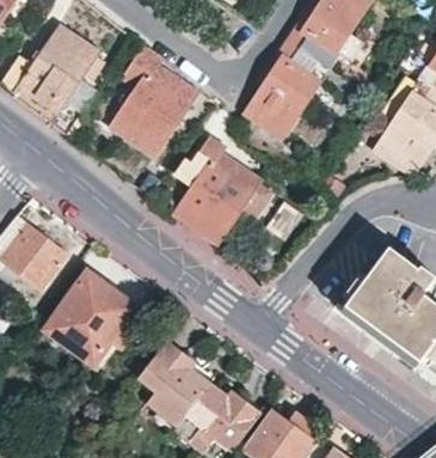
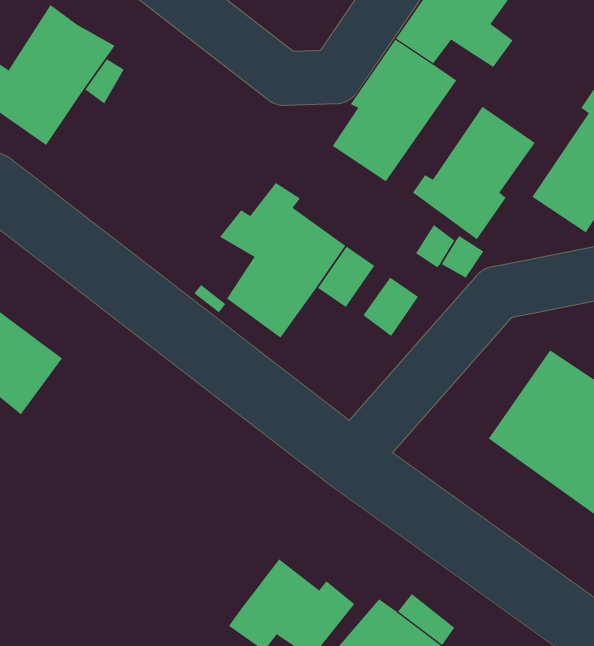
building: [110,51,194,155] -> none
building: none -> [412,106,535,240]
building: [47,271,143,364] -> none
building: [139,341,209,426] -> none

